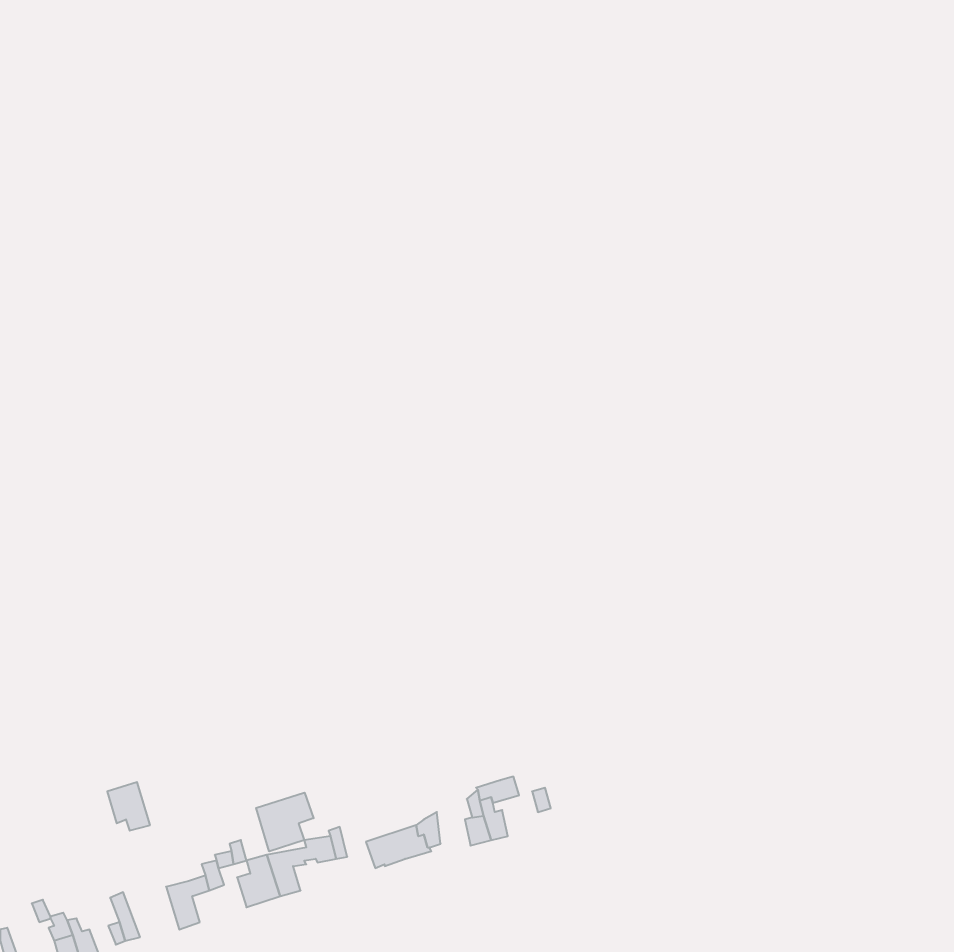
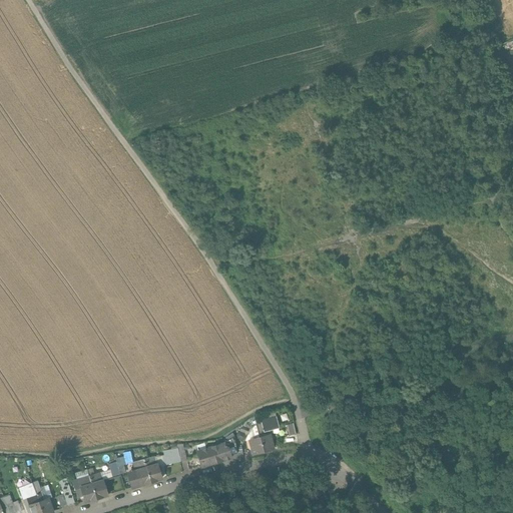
building: [107,782,150,831] -> [73,477,96,503]
building: [256,793,314,851] -> none

